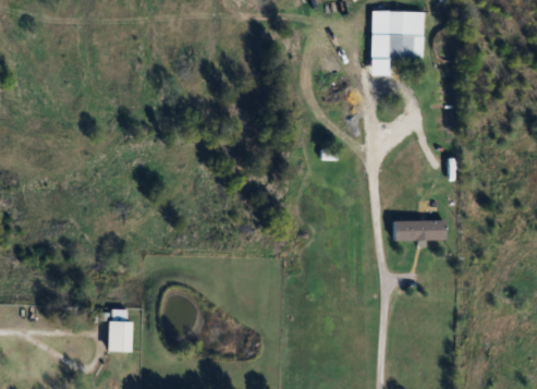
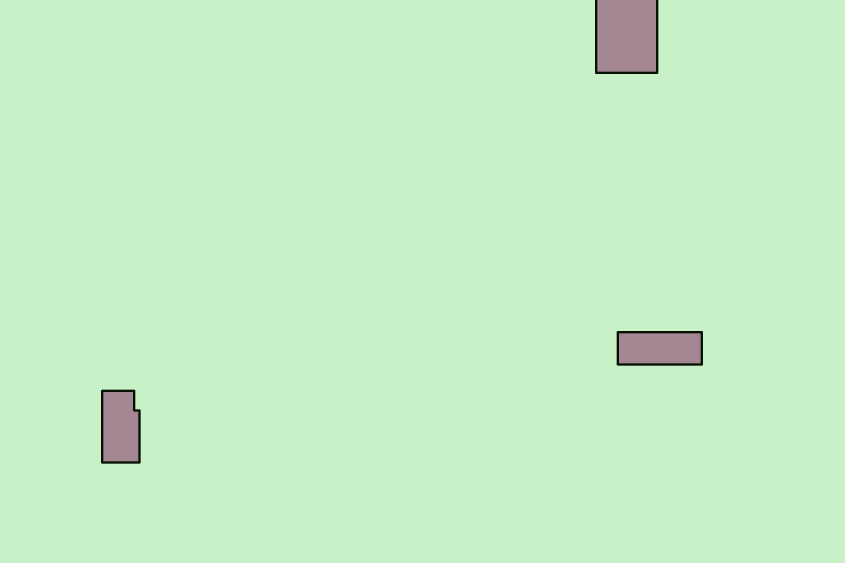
building: [108,308,131,352] -> [102,391,140,462]

